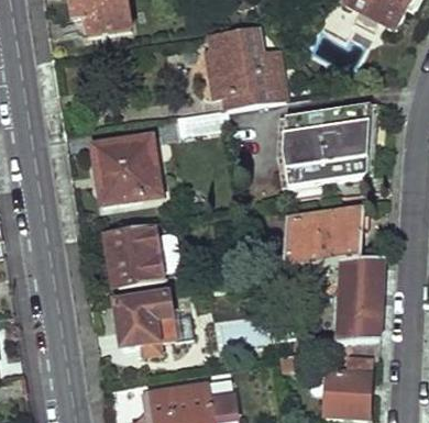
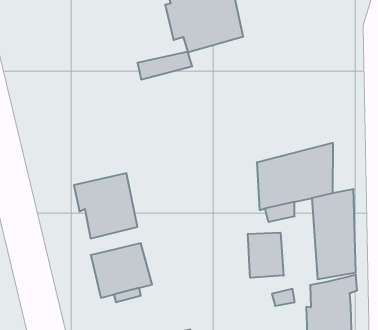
building: [282,104,368,188] -> none
building: [92,135,164,204] -> none
building: none -> [248,233,284,278]

